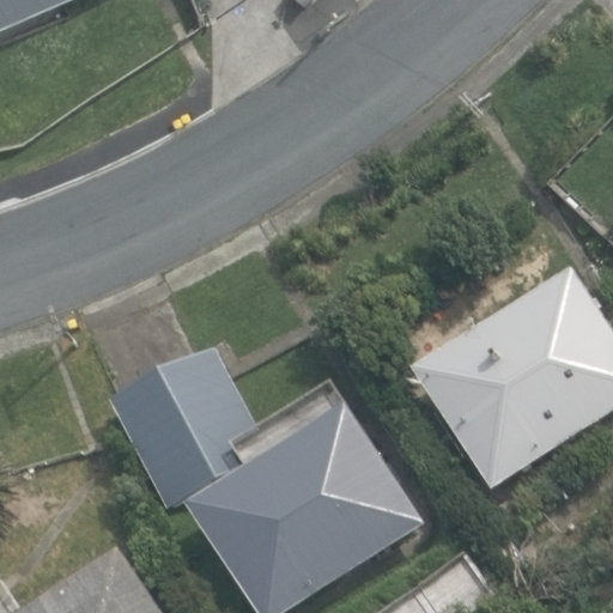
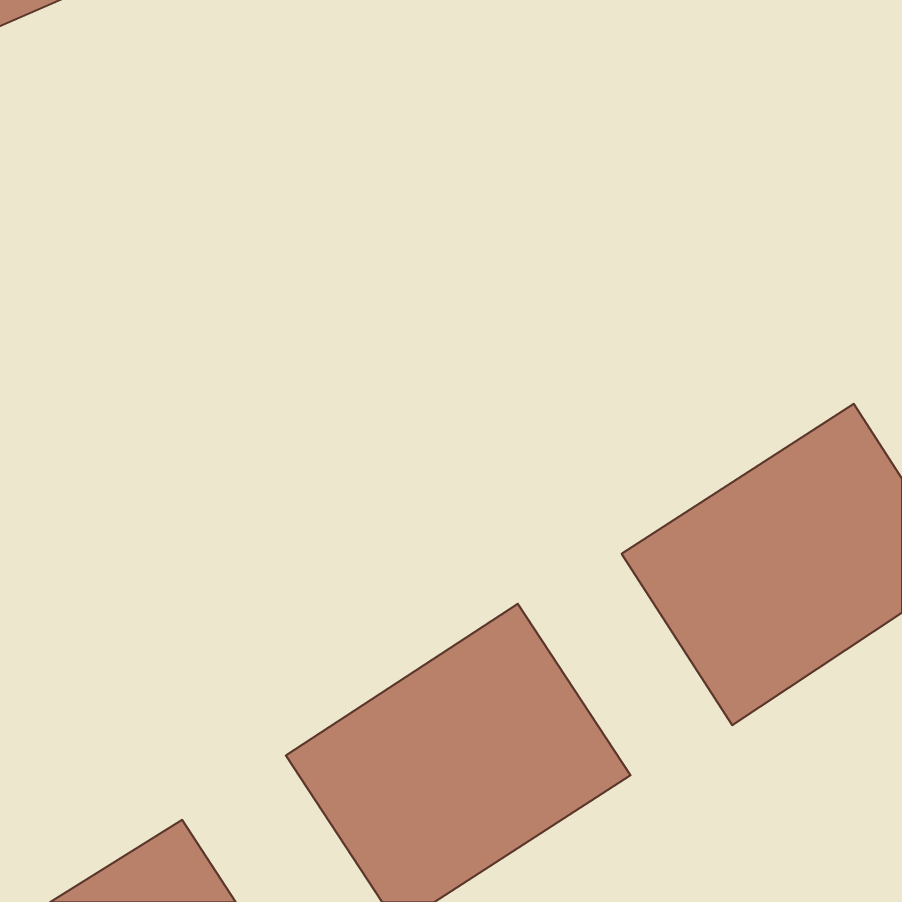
building: [107,346,265,504] -> none

